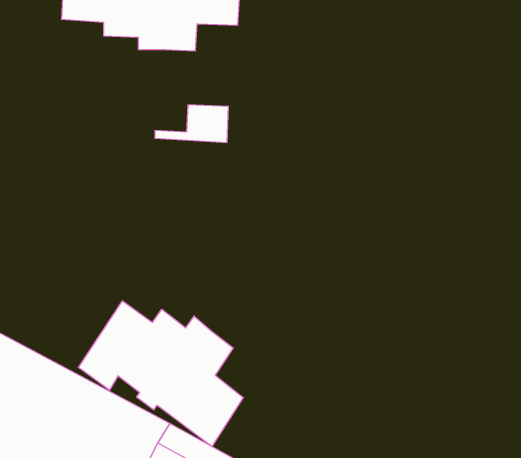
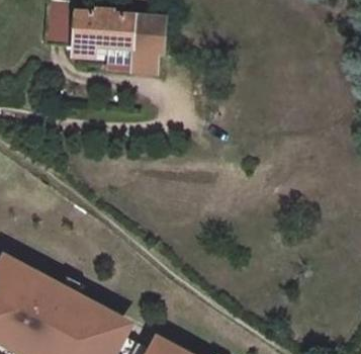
building: [155,105,229,143] -> [115,47,165,72]
building: [78,301,243,446] -> none

